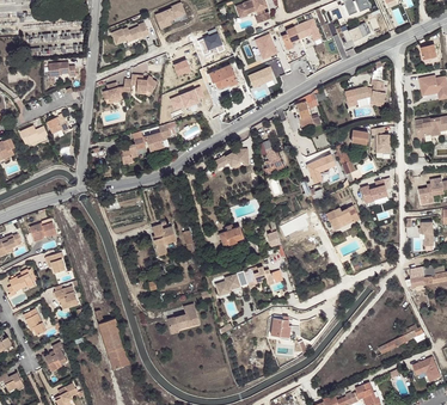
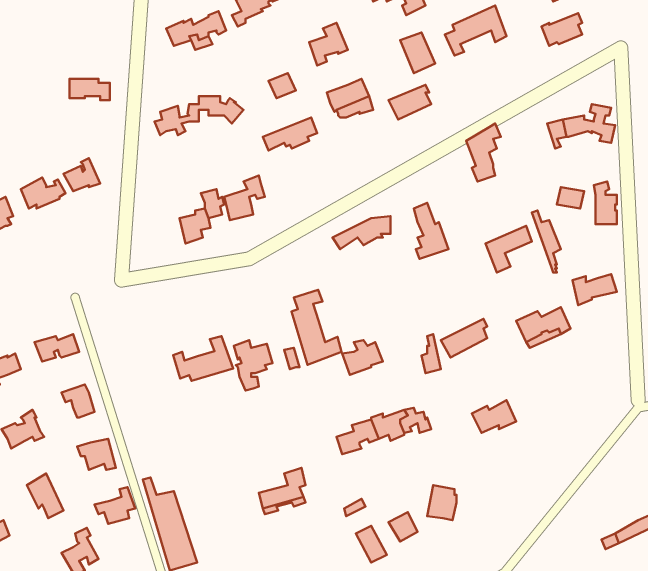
building: none -> [292,290,341,365]
building: none -> [173,336,233,381]

